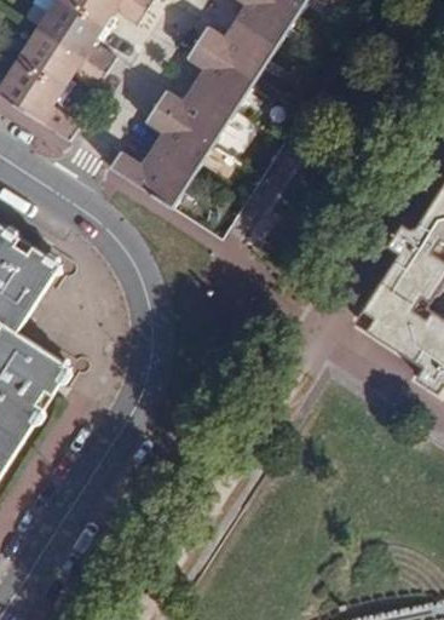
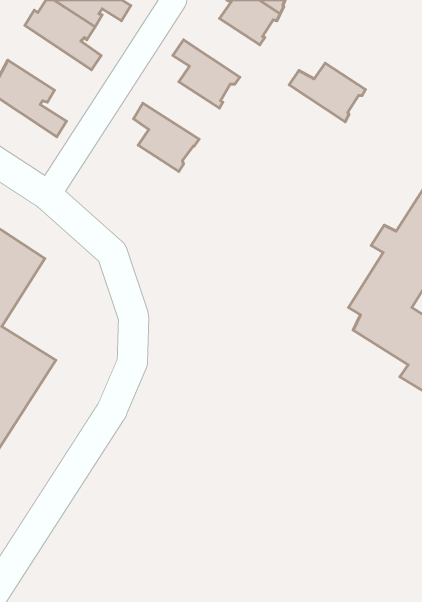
building: [198,19,276,79] -> [289,63,366,122]
building: [21,27,105,92] -> none
building: [157,84,235,142] -> none
building: [110,148,194,200] -> none

